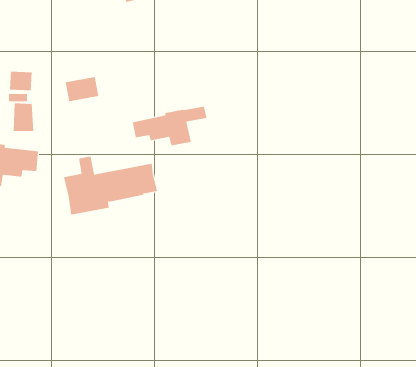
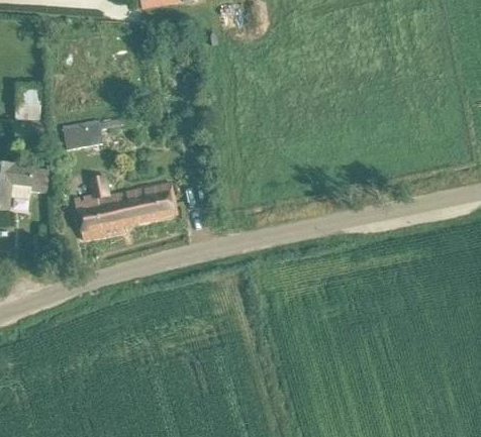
building: [65,77,99,102] -> [64,124,101,151]
building: [132,106,207,146] -> none

